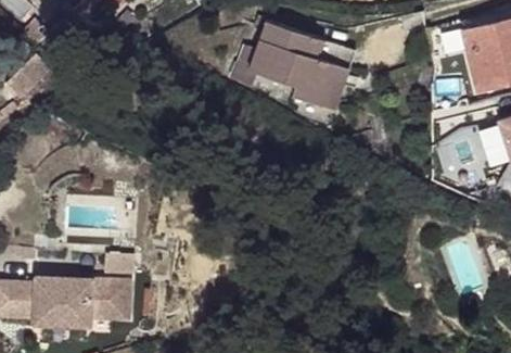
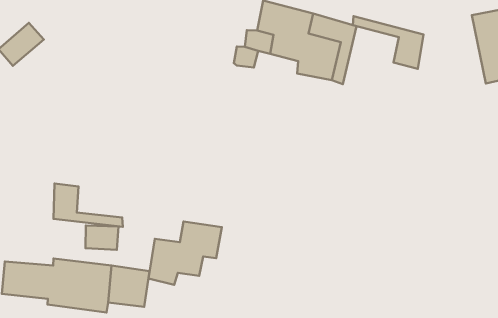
building: none -> [353,16,424,69]
building: none -> [53,184,123,227]
building: none -> [148,221,222,285]

